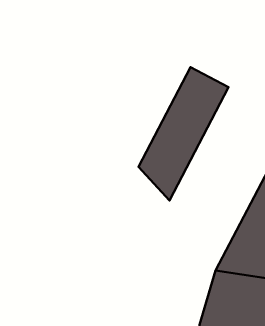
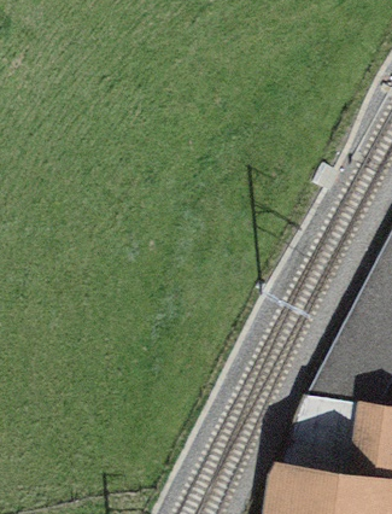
building: [138,67,228,200] -> none

